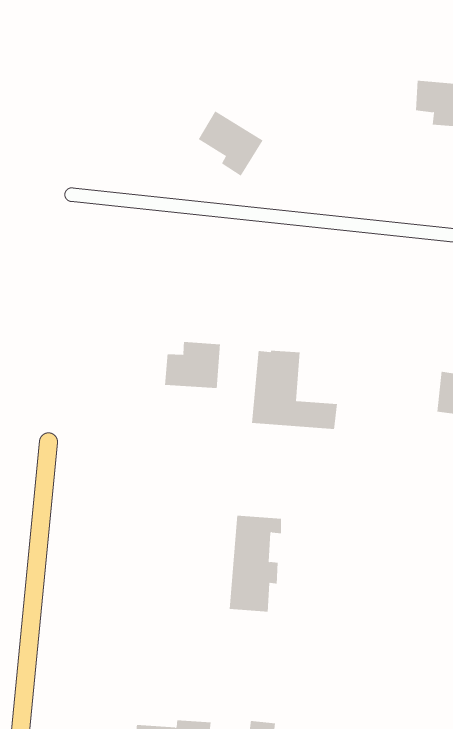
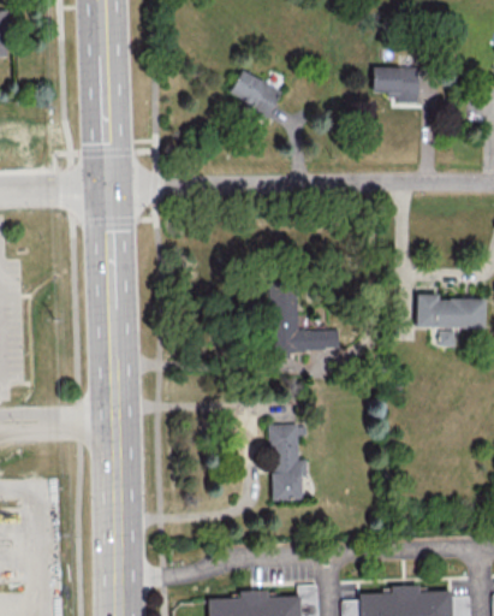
building: [198,111,264,176] -> [231,71,282,120]
building: [164,341,220,389] -> none

